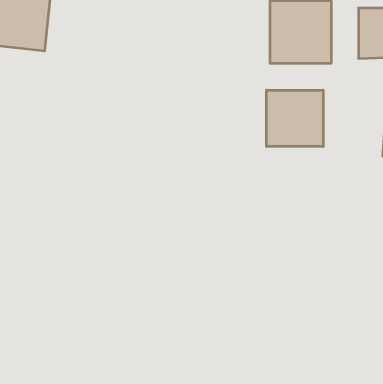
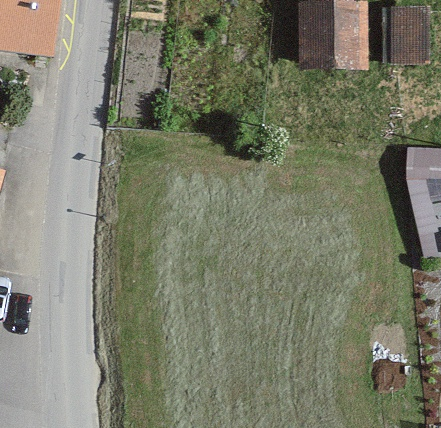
building: [267,90,323,147] -> none

